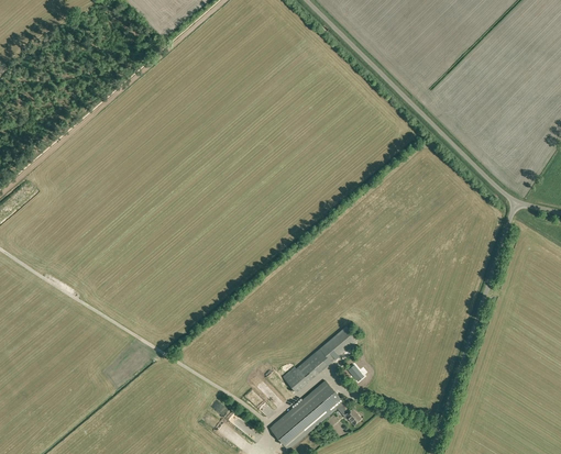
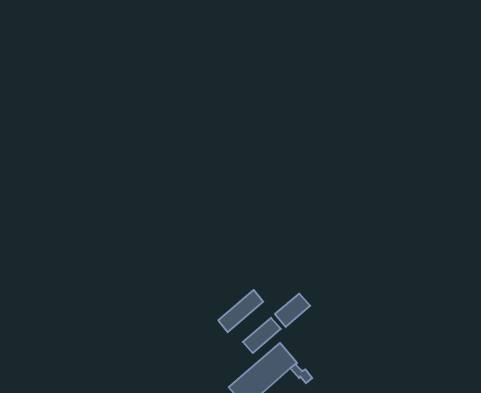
building: none -> [218,290,263,332]

